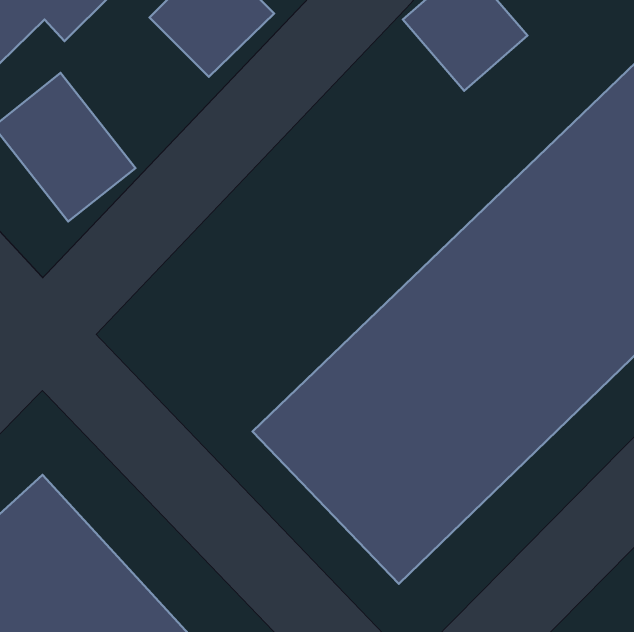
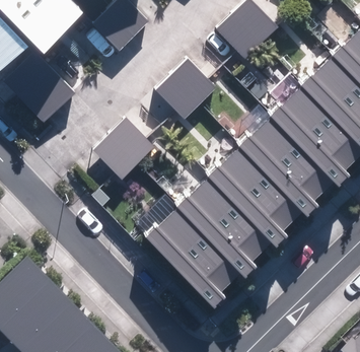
building: none -> [153,57,218,122]
building: none -> [88,120,149,180]

